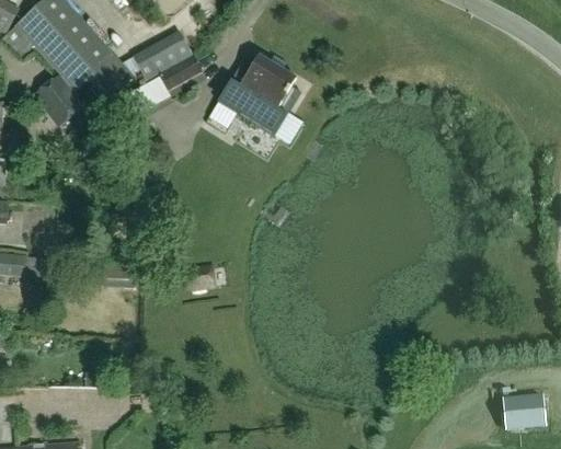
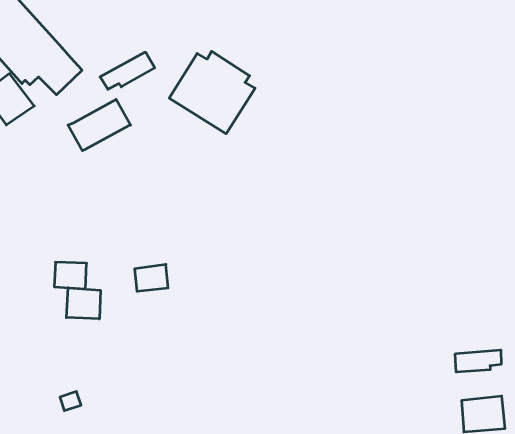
building: [131,31,193,81] -> [68,99,131,151]
building: none -> [66,288,100,319]
building: none -> [455,350,501,372]

